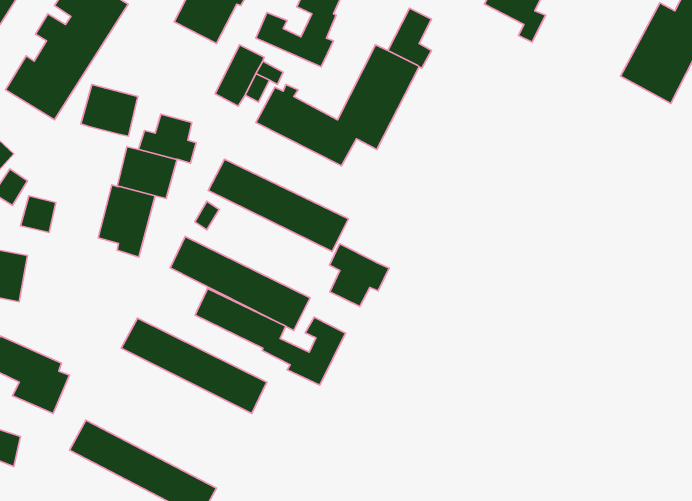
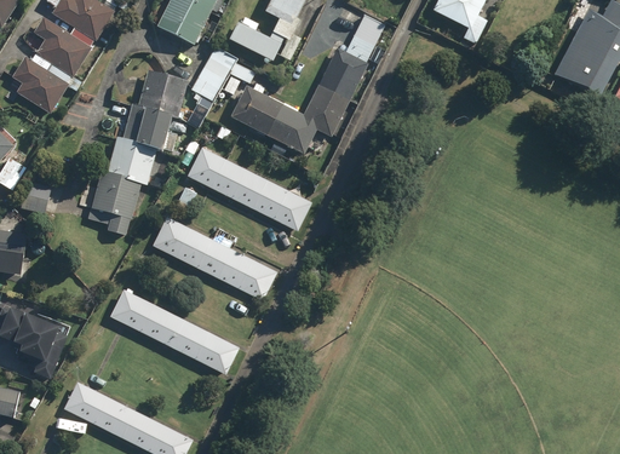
building: [81,84,138,136] -> [137,70,188,116]
building: [330,244,389,307] -> none
building: [195,289,346,385] -> none

